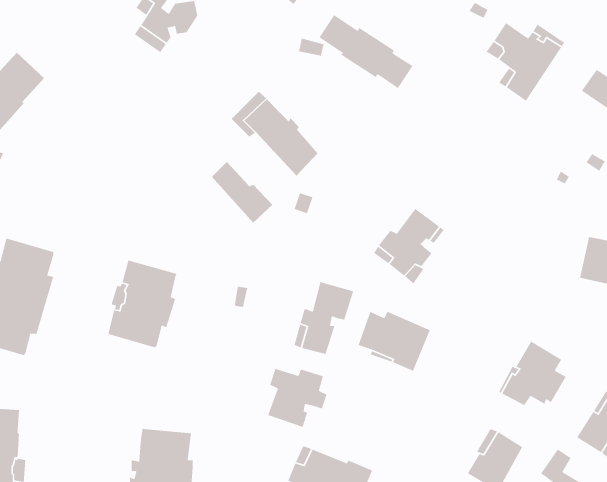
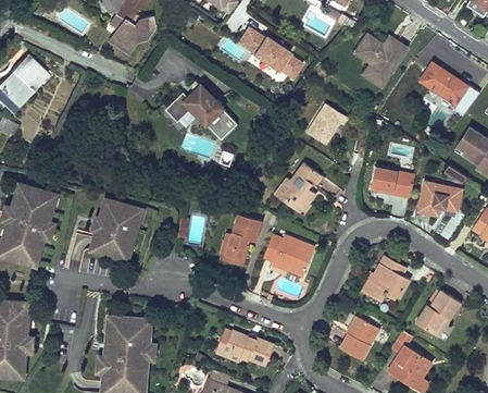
building: none -> [308,103,348,145]
building: [211,161,273,224] -> none
building: none -> [371,167,415,197]
building: [267,368,328,428] -> none

